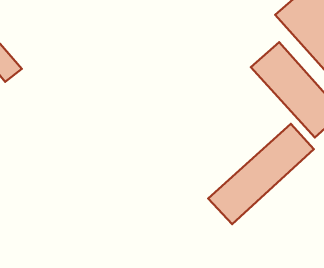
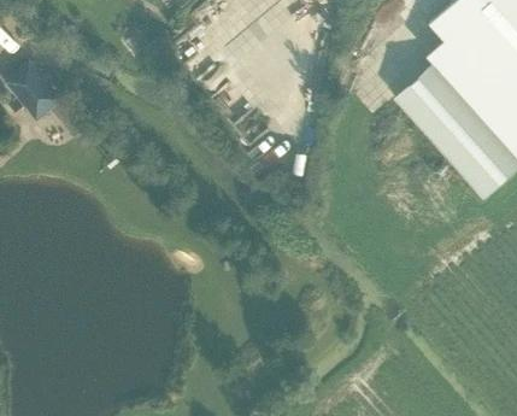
building: [208,124,314,224] -> none

